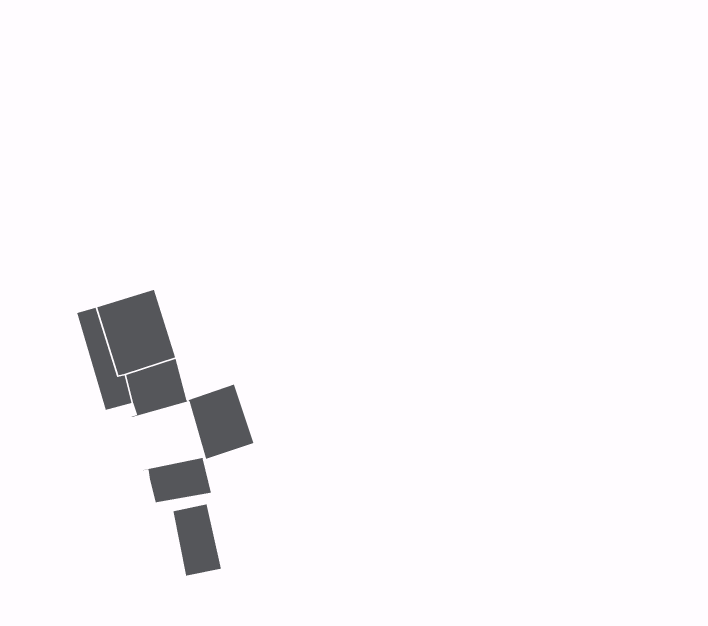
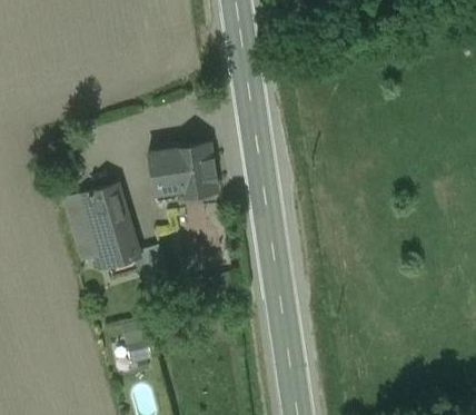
building: none -> [148,142,217,197]
building: [141,457,212,503] -> none

